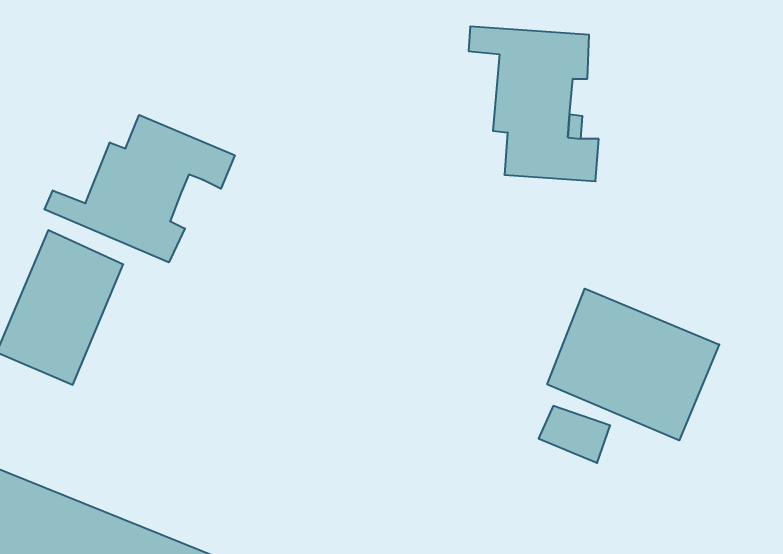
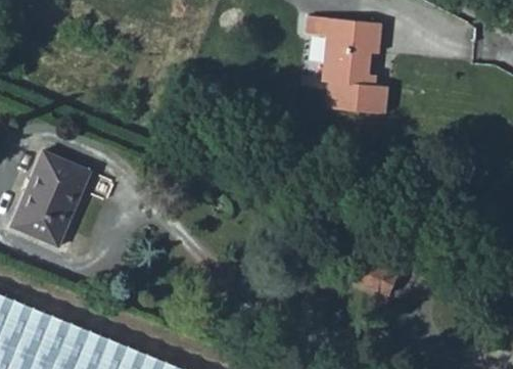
building: [45,115,235,262] -> none
building: [547,289,719,440] -> none

